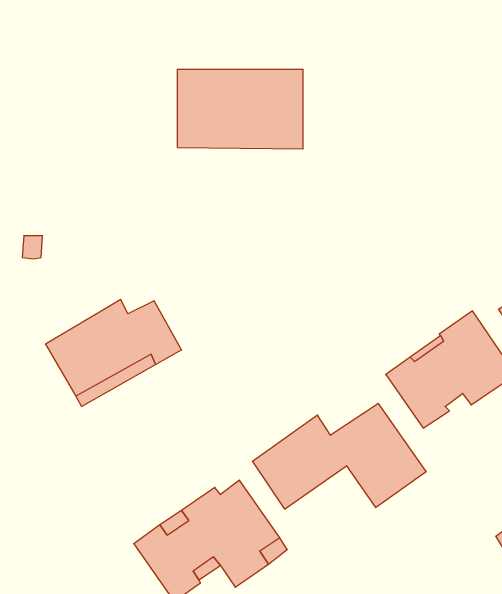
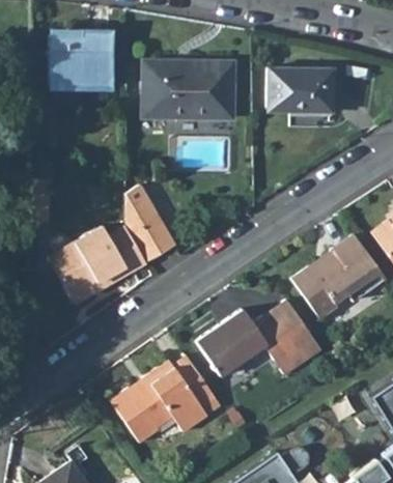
building: none -> [47,30,112,88]
building: none -> [266,68,332,112]
building: none -> [125,184,175,262]

